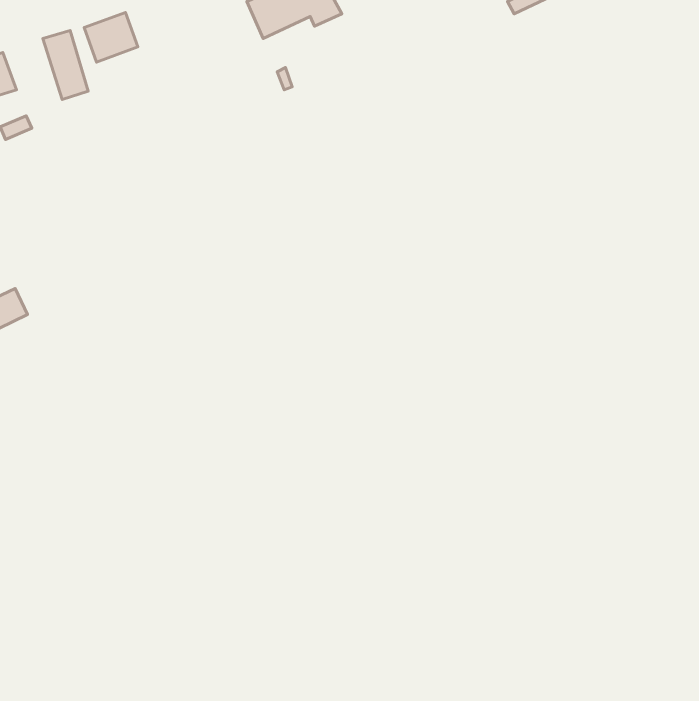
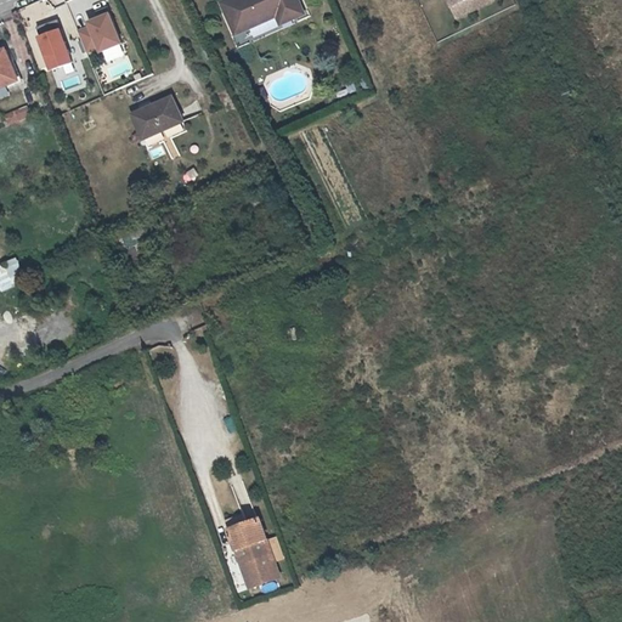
building: none -> [132,96,177,135]
building: none -> [226,516,276,586]

